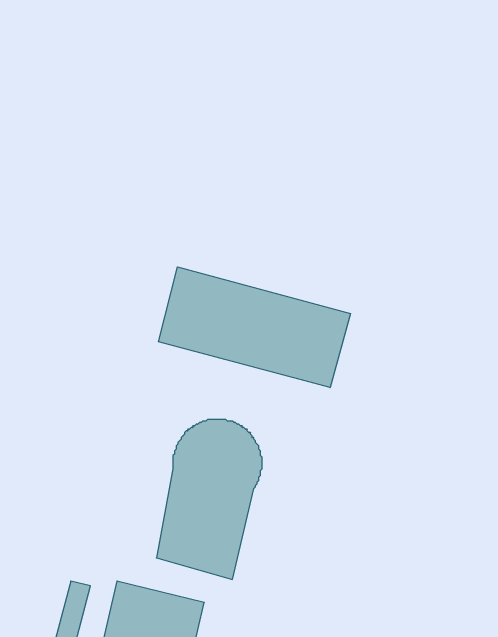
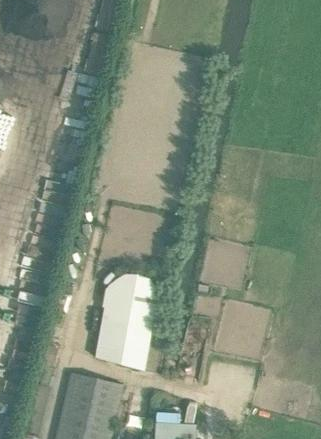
building: [159,267,350,388] -> none

